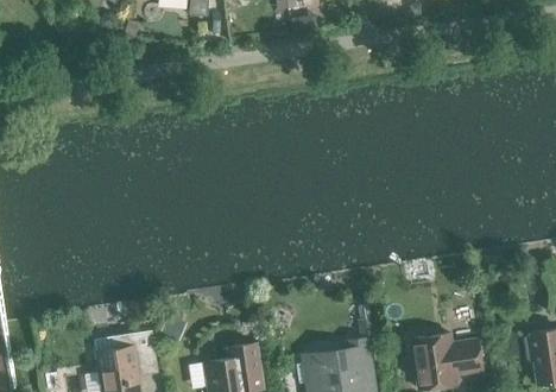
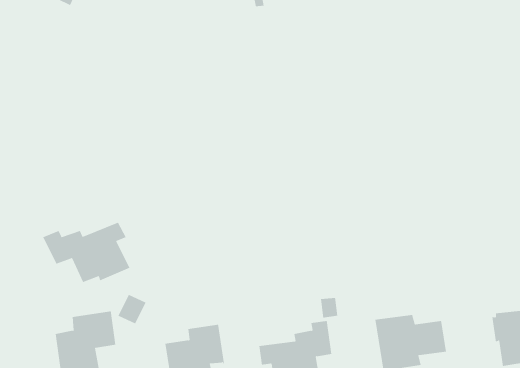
building: none -> [42,222,130,283]

